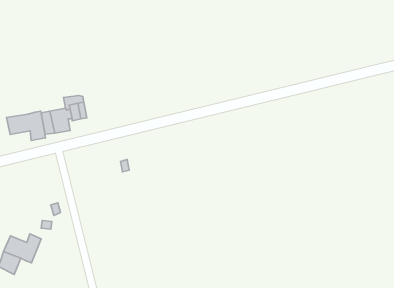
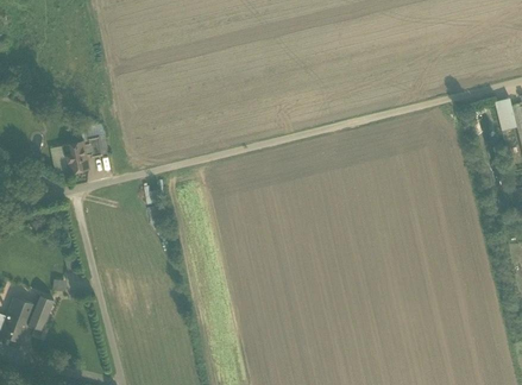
building: [6,111,45,140] -> none

